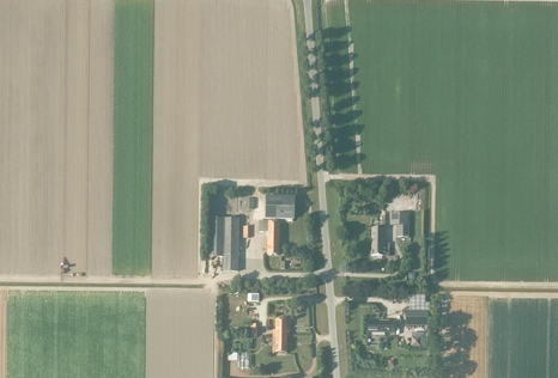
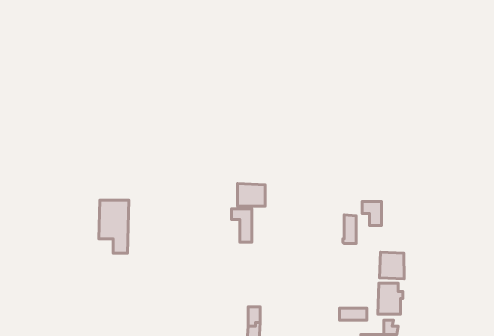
building: [211,217,241,269] -> [99,200,129,253]
building: none -> [379,252,404,279]

